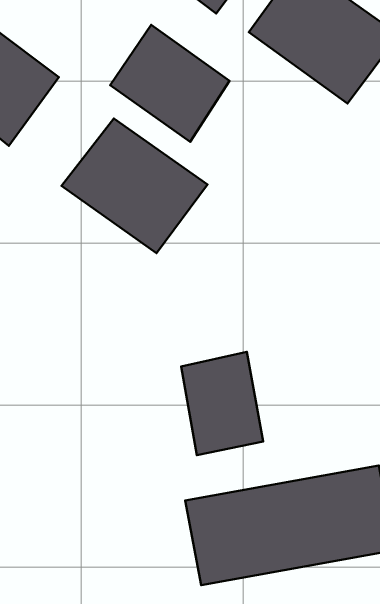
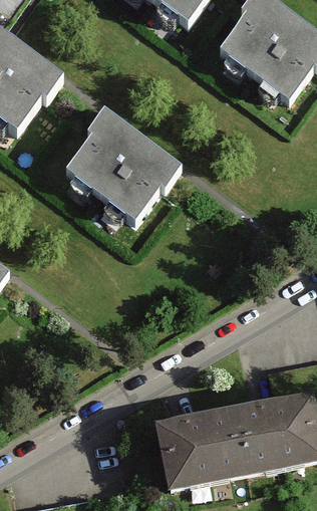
building: [110,25,229,142] -> none
building: [181,352,263,455] -> none

